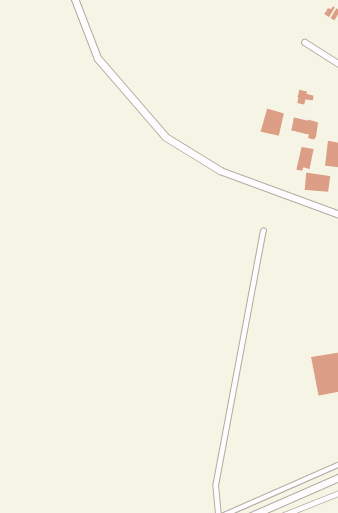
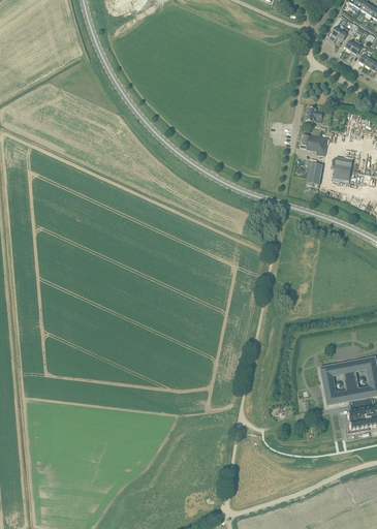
building: [260,108,285,137] -> none
building: [304,172,331,193] -> none

